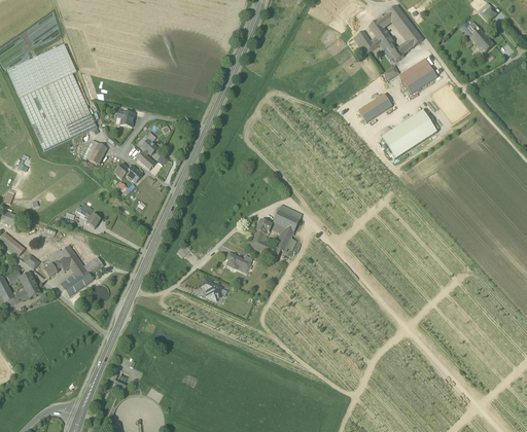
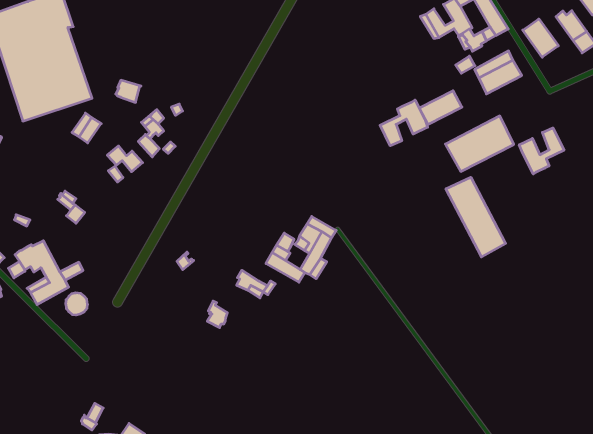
building: none -> [523,19,558,57]
building: none -> [380,100,428,146]
building: none -> [519,128,564,174]
building: none -> [446,177,506,257]

